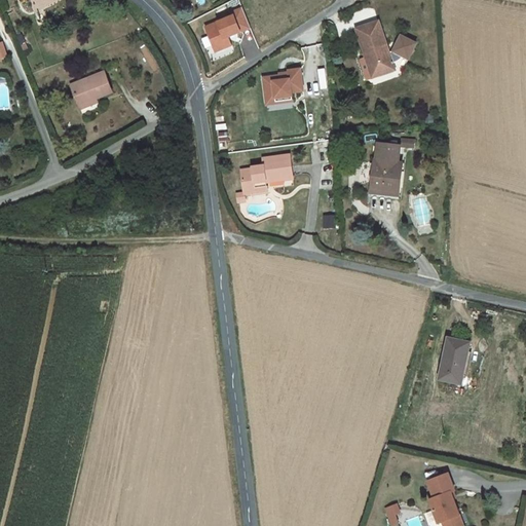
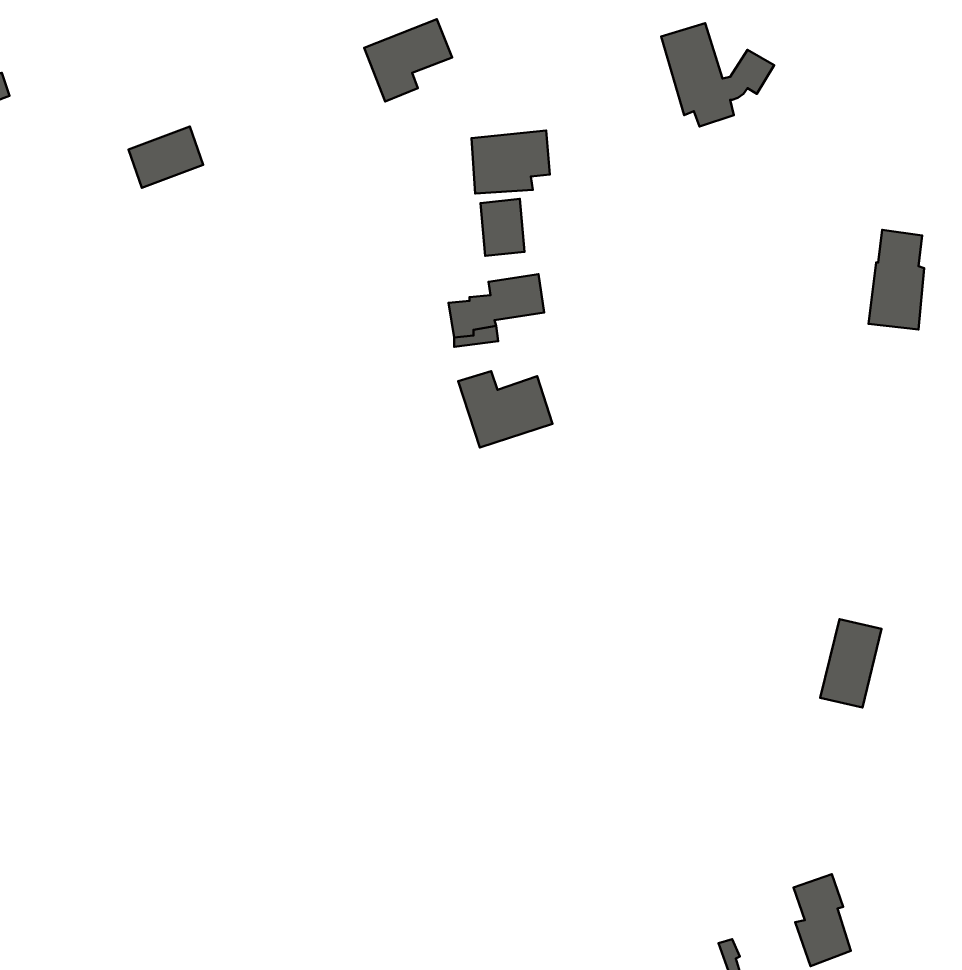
building: none -> [481,199,524,256]
building: [371,140,401,193] -> [869,230,924,329]
building: none -> [458,371,553,448]

